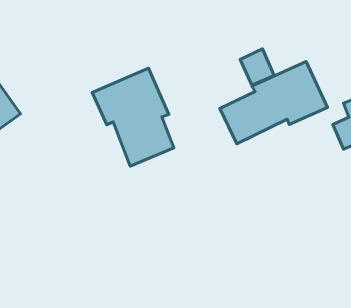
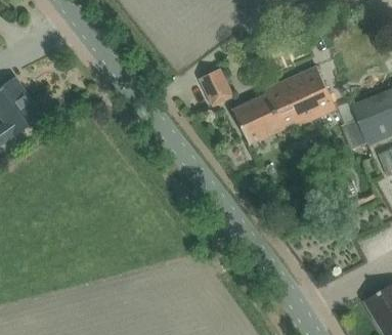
building: [240,49,274,85] -> [199,70,231,104]
building: [92,68,174,166] -> none

